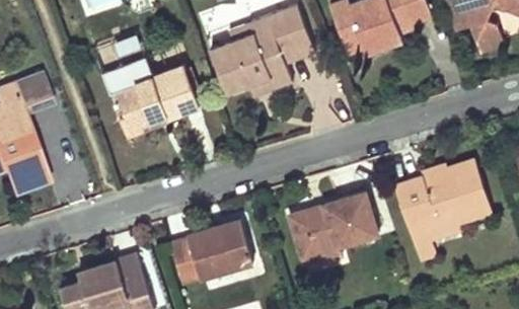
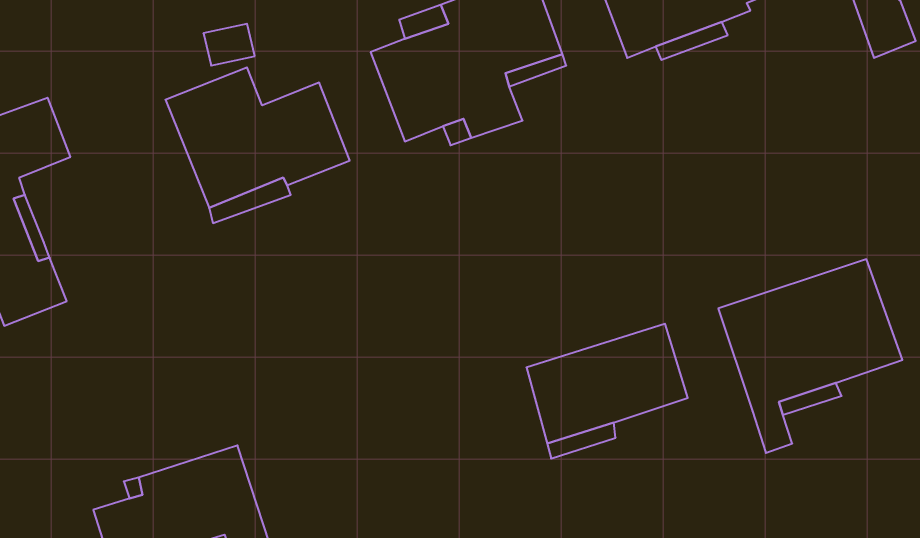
building: [170,220,253,285] -> none

